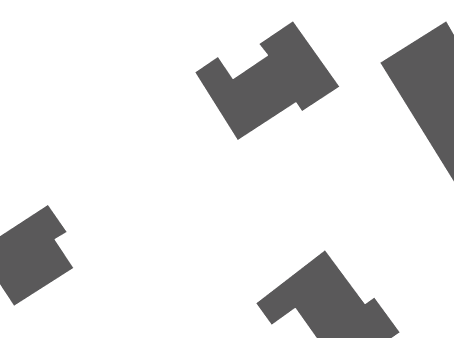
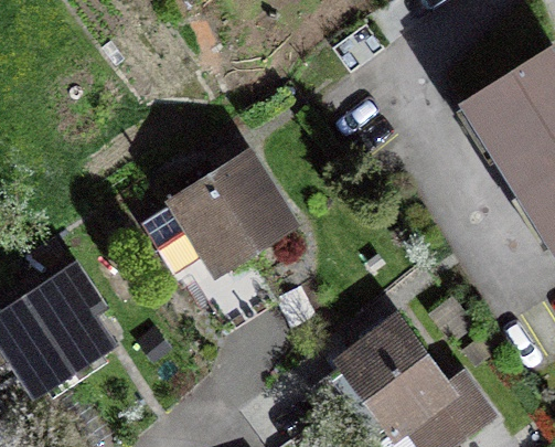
building: [194,20,341,141] -> none
building: none -> [140,141,290,276]

